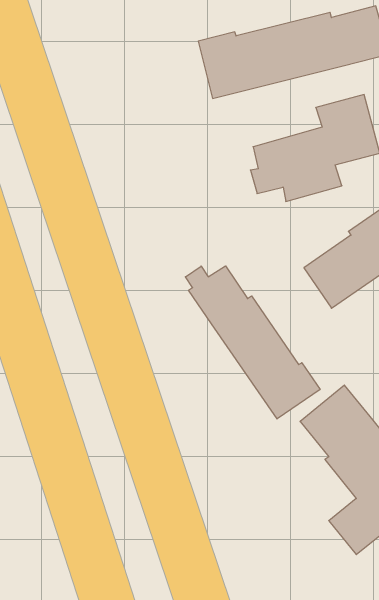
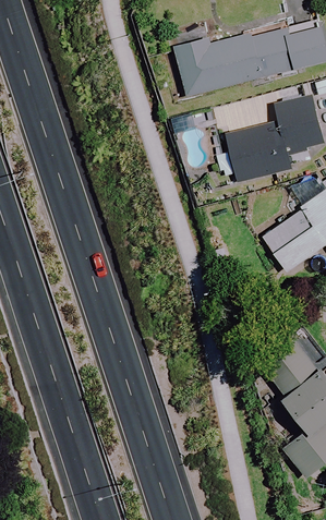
building: [185,266,320,419] -> none

